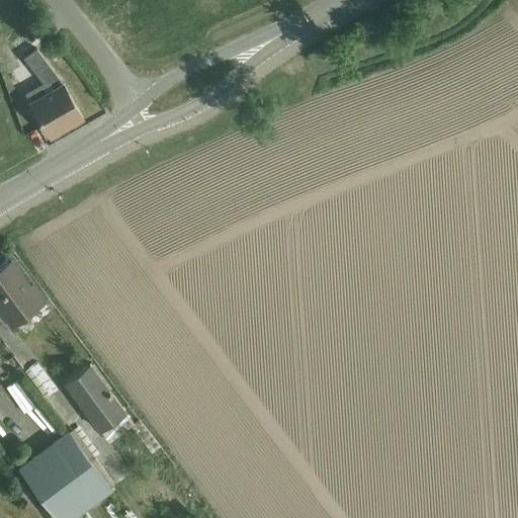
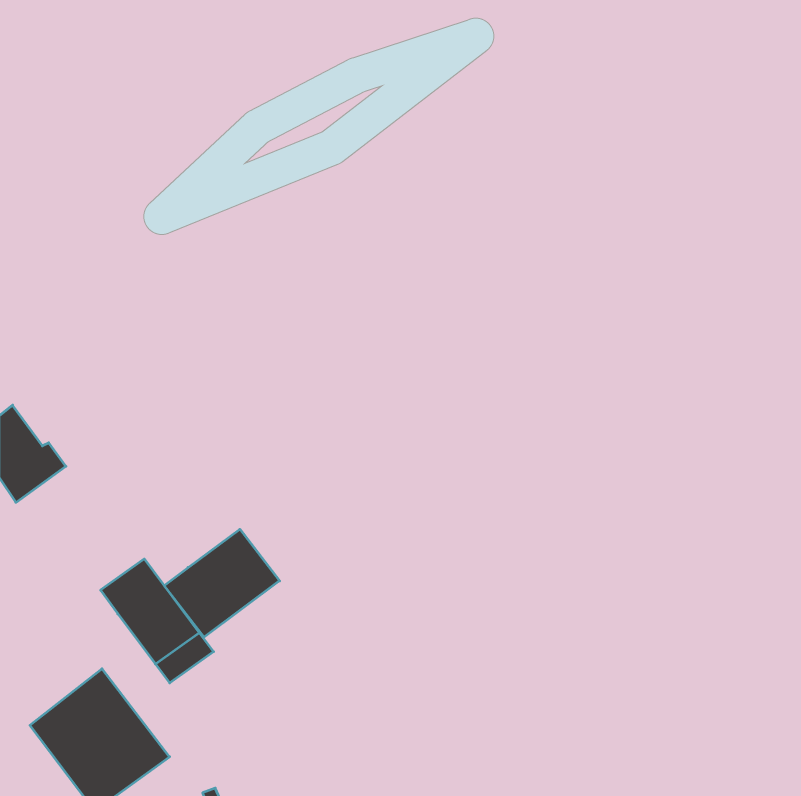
building: [23,54,80,139] -> none
building: none -> [164,529,280,637]

